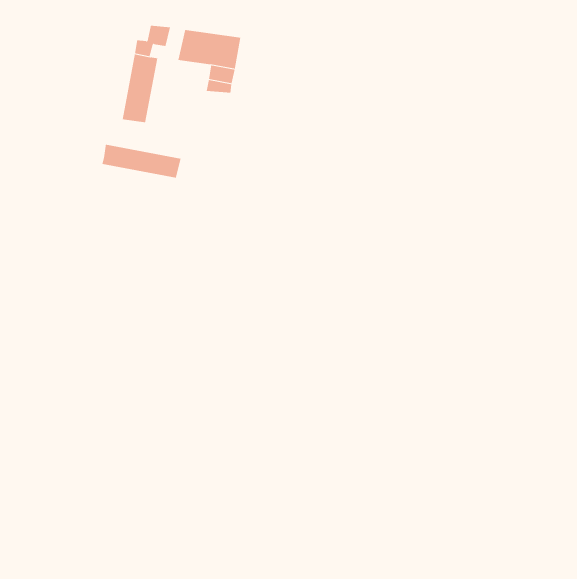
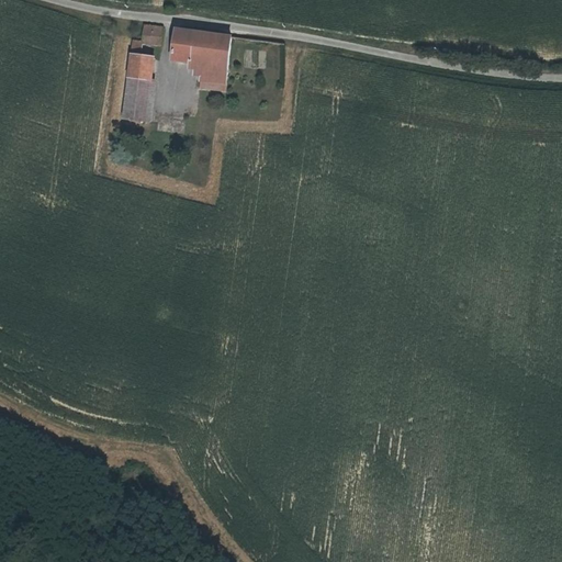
building: [102,144,181,178] -> none

